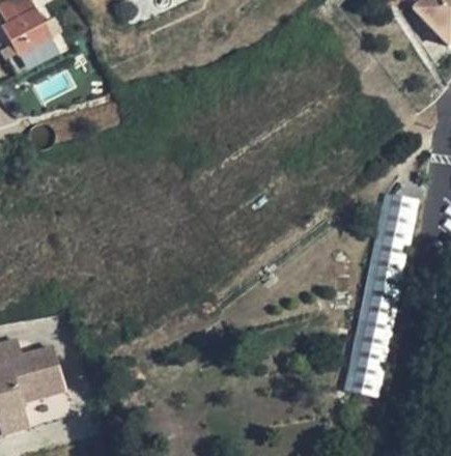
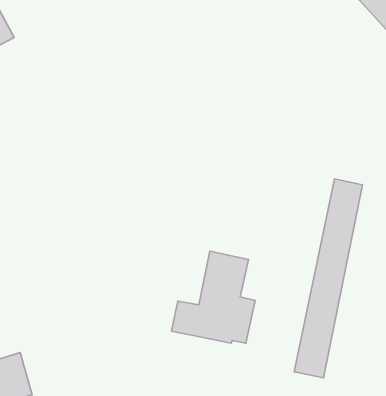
building: none -> [171,251,255,343]

